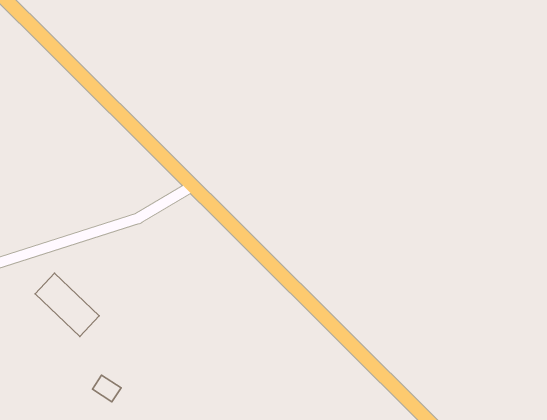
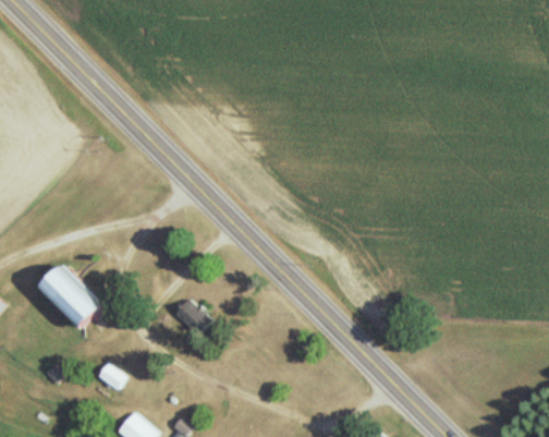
building: none -> [175,300,209,330]

